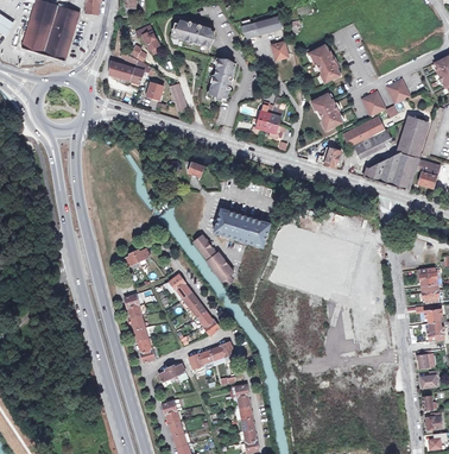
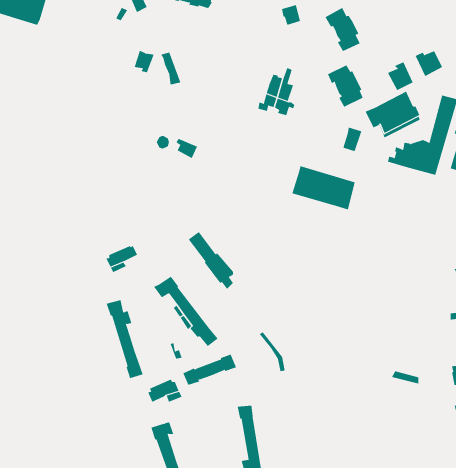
building: [109,51,150,82] -> none
building: [209,58,235,100] -> none
building: [214,208,268,246] -> [292,166,356,210]

